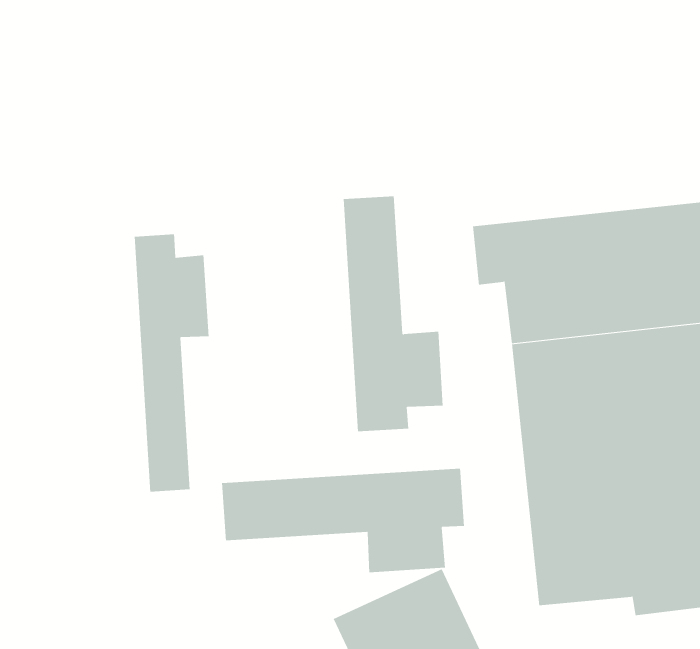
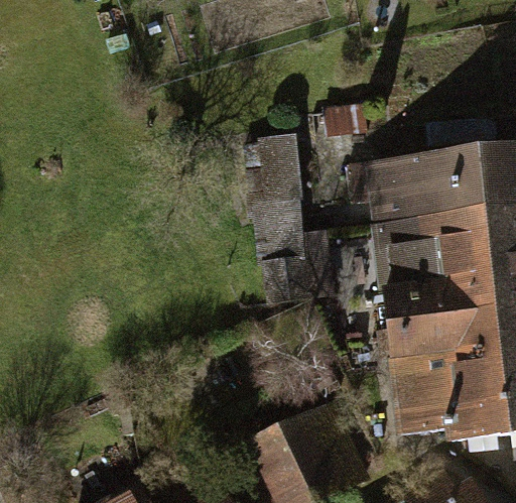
building: [134,233,209,493] -> none
building: [221,468,464,573] -> none

